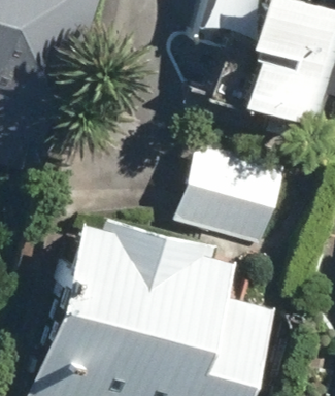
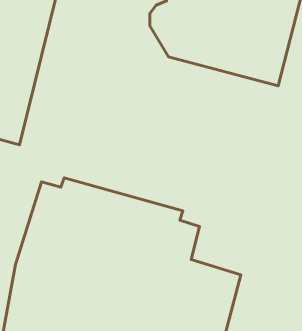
building: [181,143,292,248] -> none

